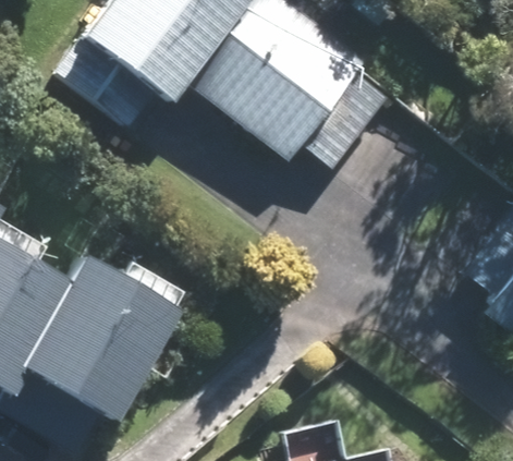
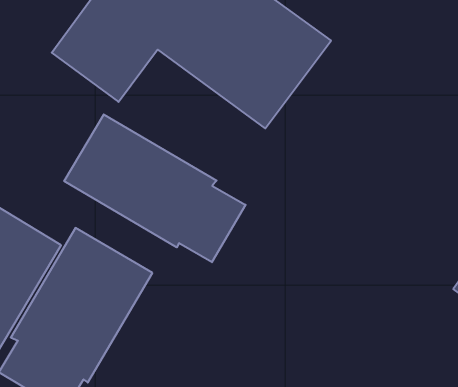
building: none -> [64,114,246,262]

